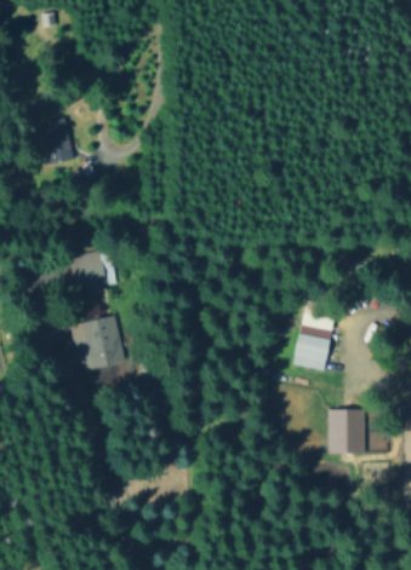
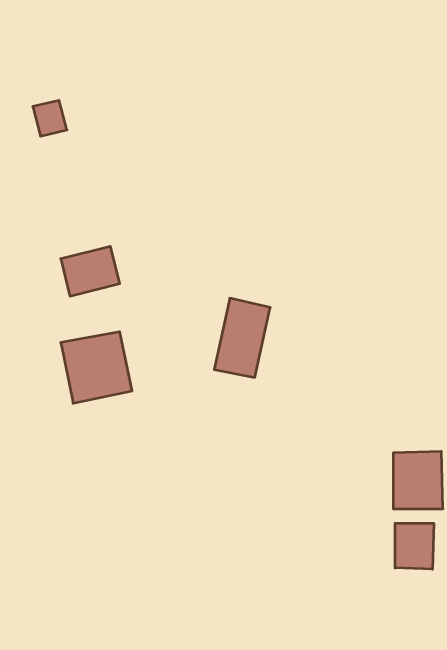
building: [291,309,335,370] -> [214,298,270,377]
building: none -> [395,523,434,569]

